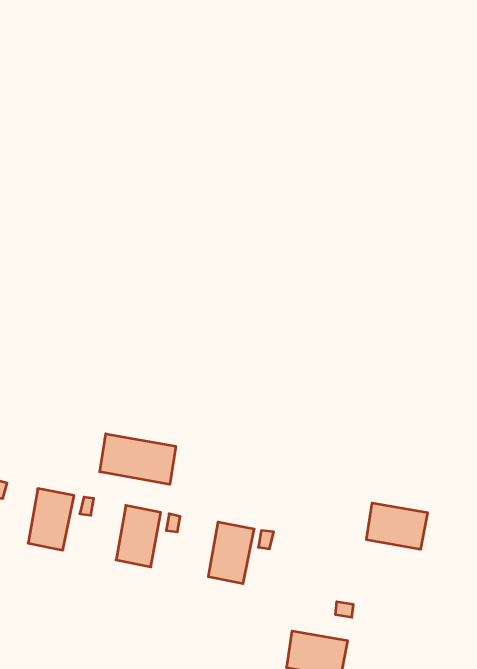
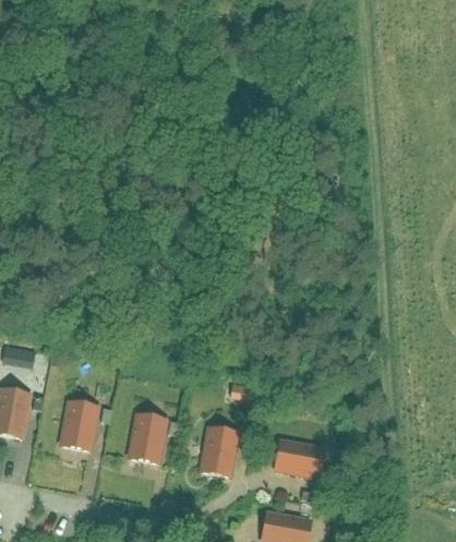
building: [100,434,176,484] -> none
building: [366,503,428,549] -> [276,439,324,475]

